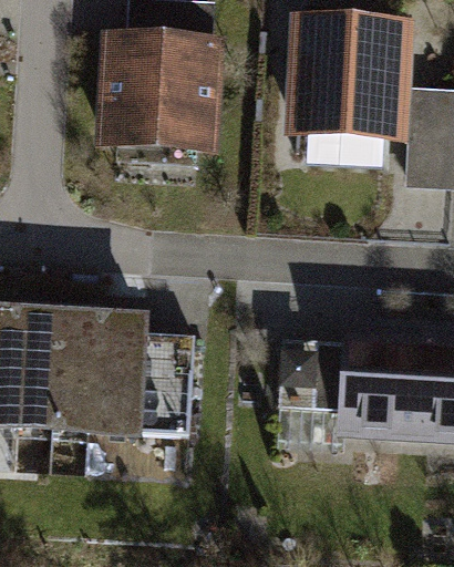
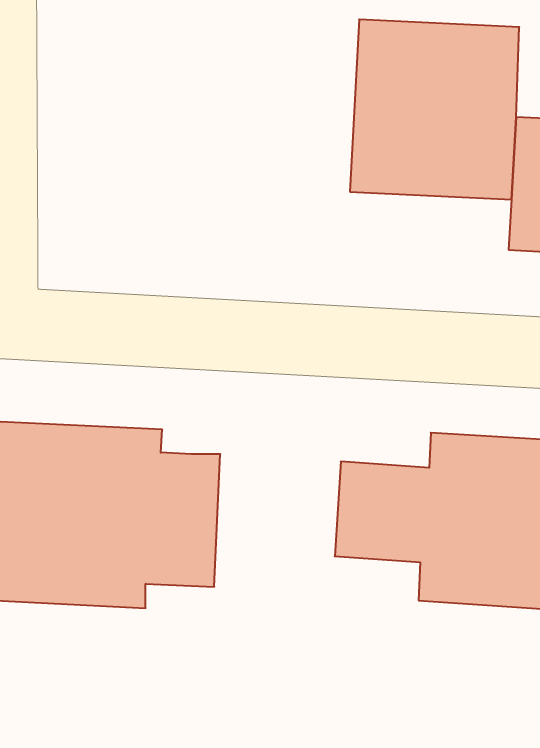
building: [92,28,226,157] -> none

